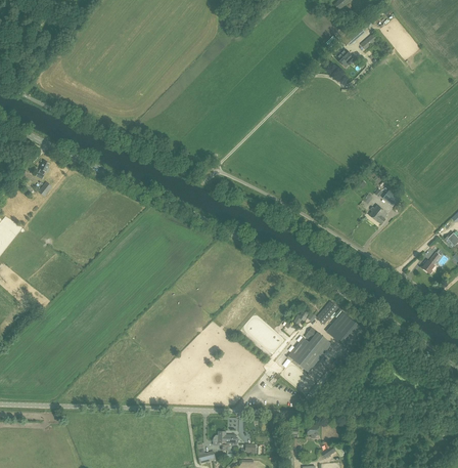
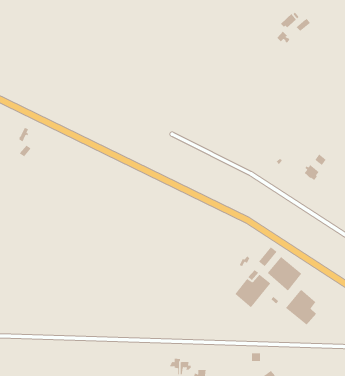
building: none -> [285,289,317,325]

